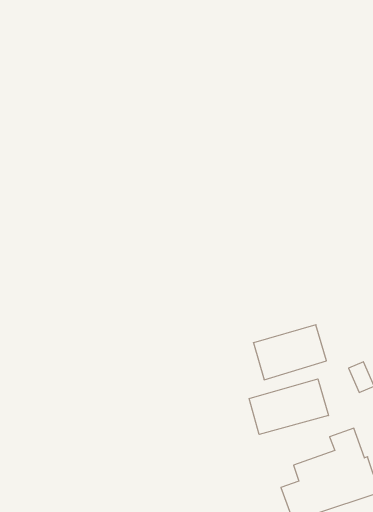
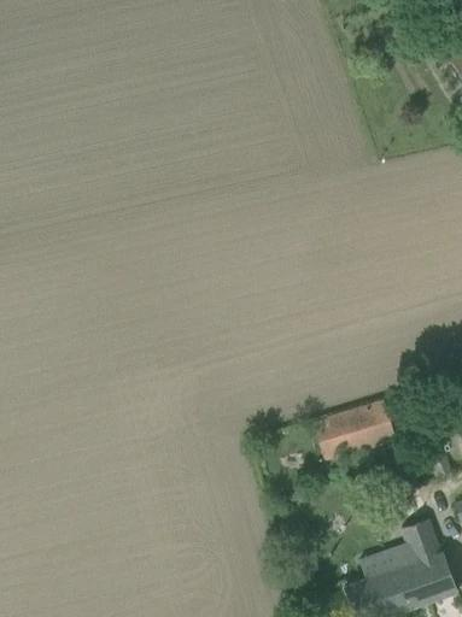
building: [249,379,328,434] -> none

